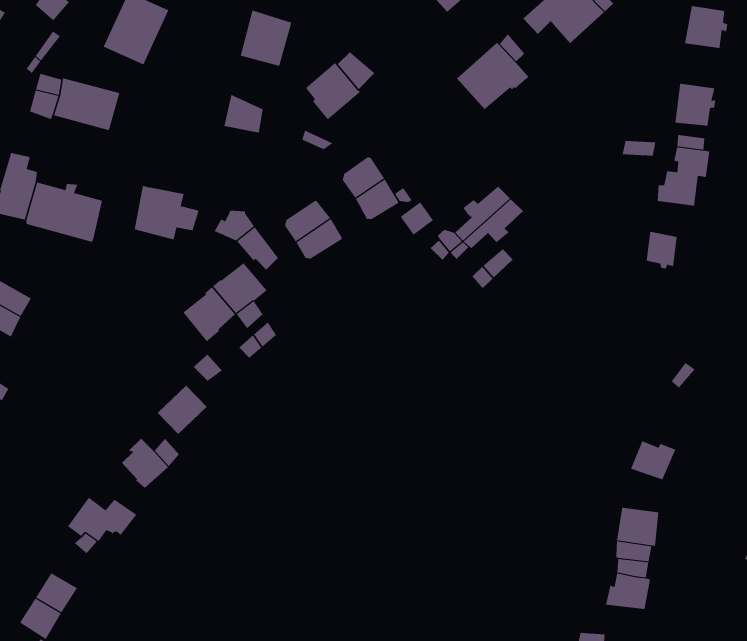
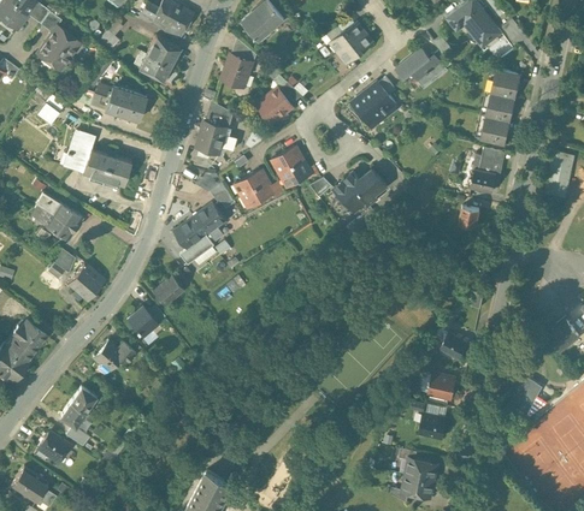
building: none -> [488,94,515,123]
building: [134,185,199,240] -> [196,121,237,156]
building: none -> [67,267,102,303]

